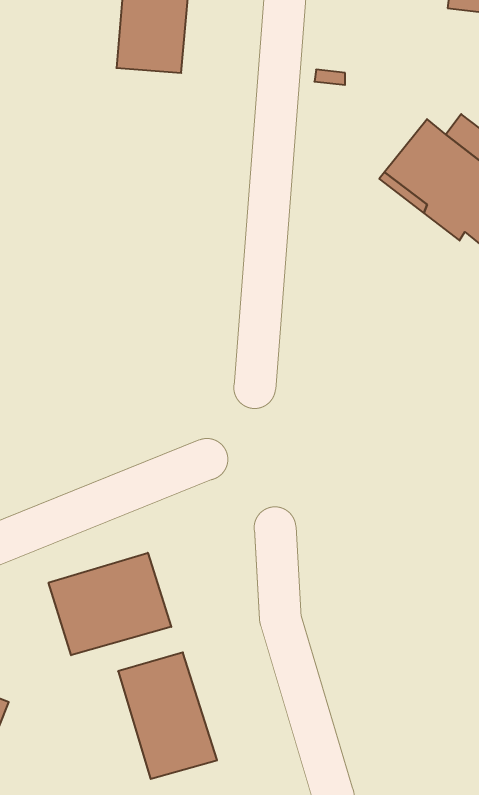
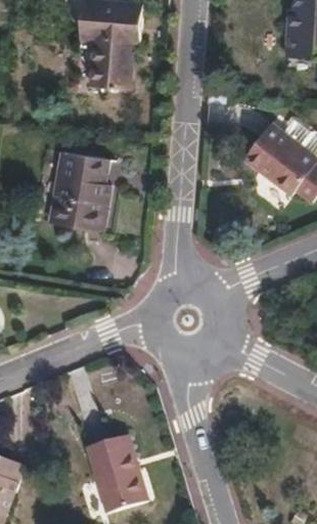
building: none -> [54,154,114,228]
building: [49,553,171,655] -> none

